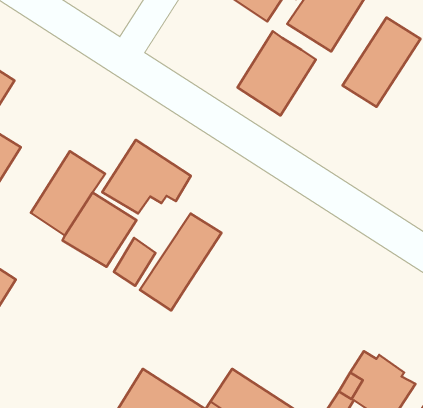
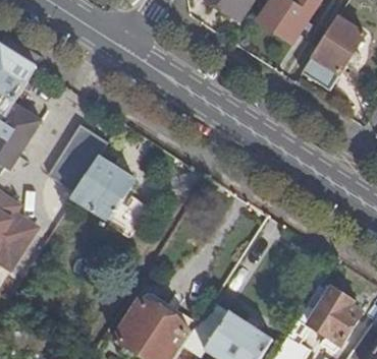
building: [237,31,316,116] -> none
building: [102,140,191,214] -> none
building: [140,213,221,311] -> none

